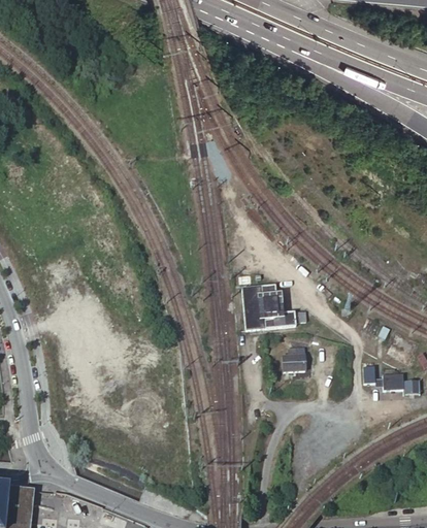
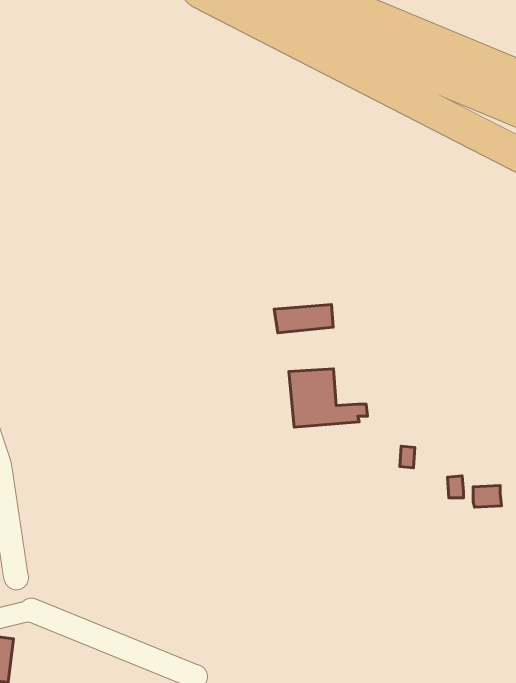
building: none -> [274,304,333,333]
building: [283,344,306,368] -> none

